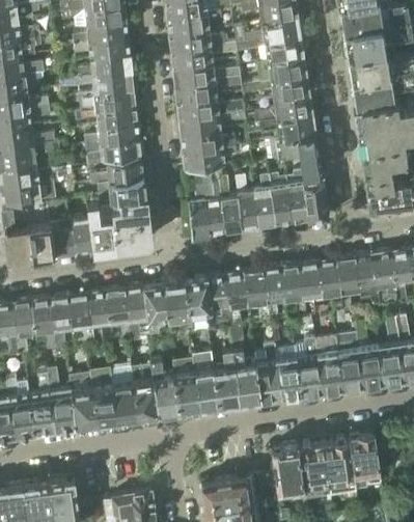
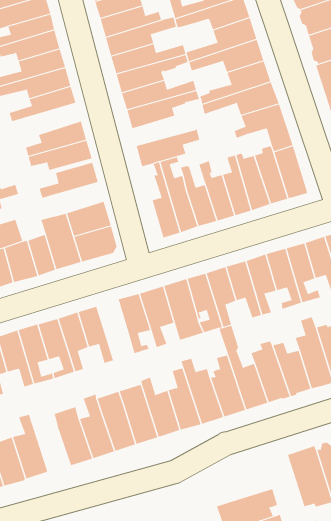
building: [76,105,138,128] -> none
building: [182,131,237,152] -> none
building: [91,178,146,202] -> none
building: [125,285,148,339] -> none
building: [49,368,78,429] -> none

